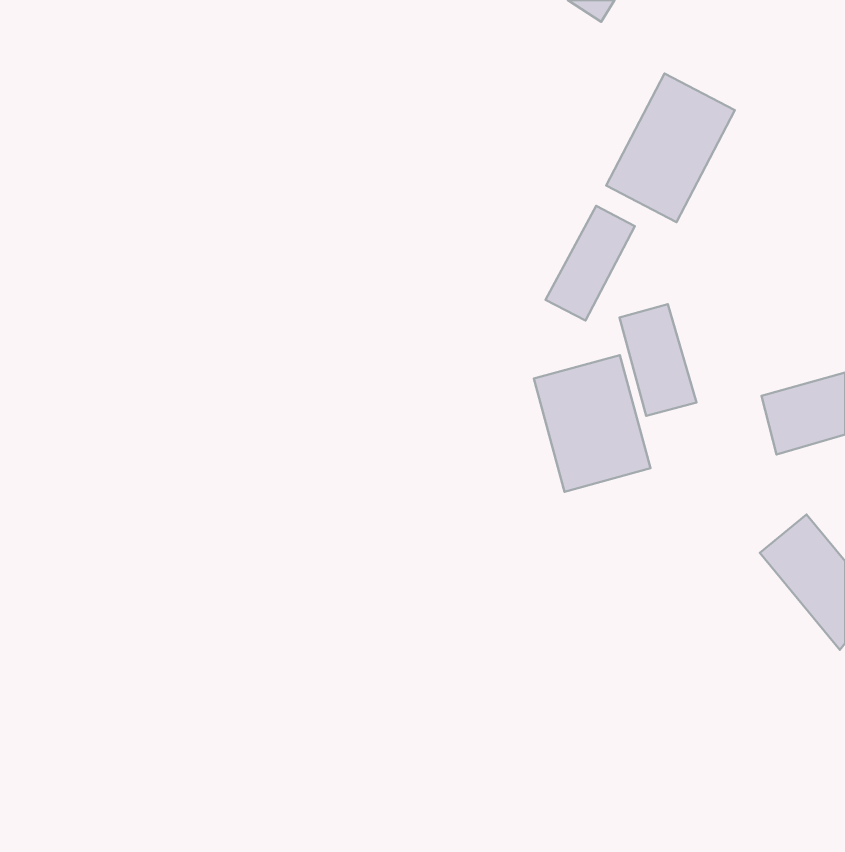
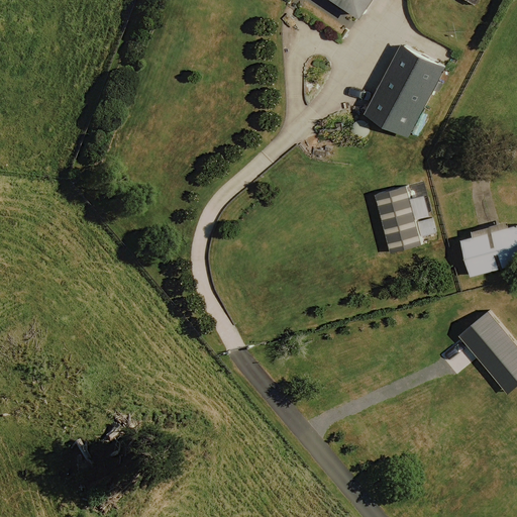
building: [546,206,635,320] -> none
building: [534,355,651,492] -> none

